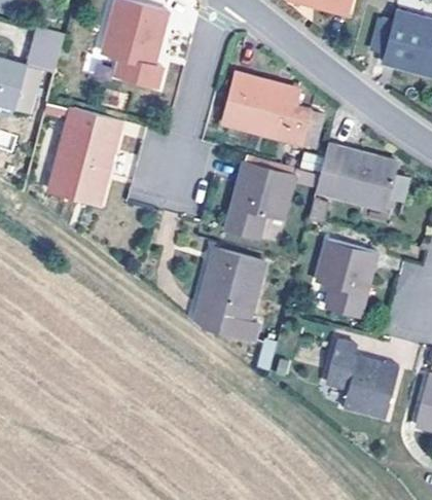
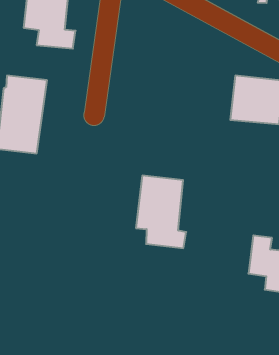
building: [224,76,313,146] -> none
building: [227,164,294,236] -> none
building: [317,238,375,316] -> none

